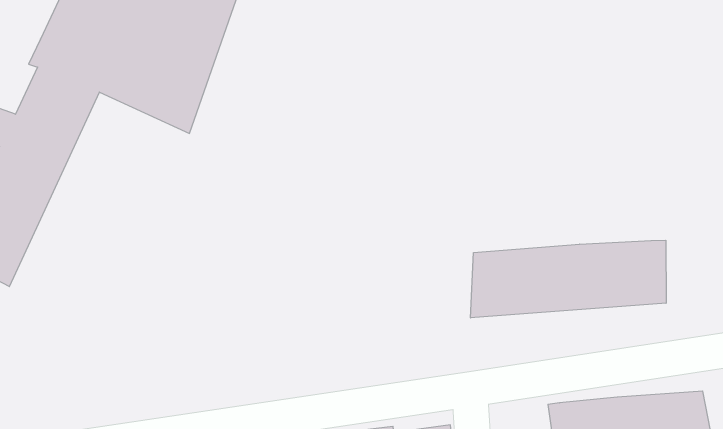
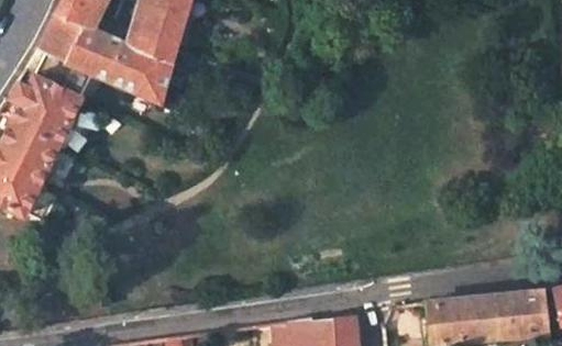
building: [471,240,666,318] -> none

